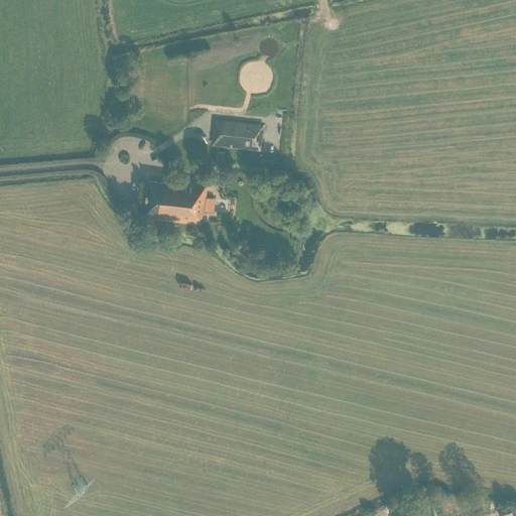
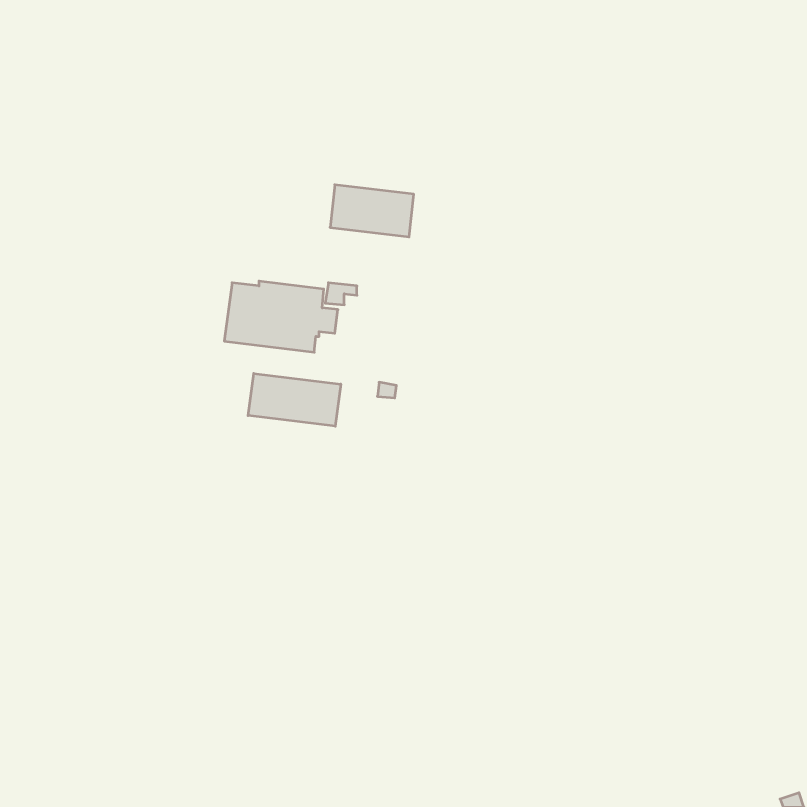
building: none -> [248,373,341,426]

